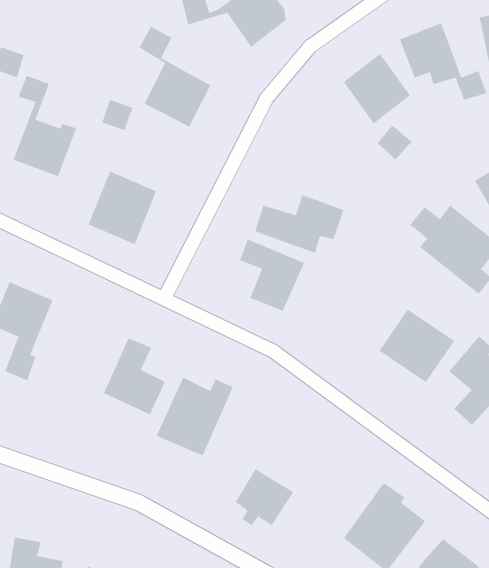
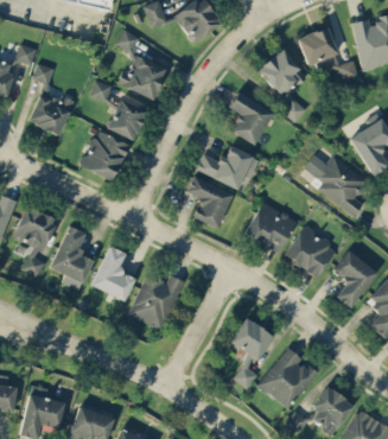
building: none -> [230,93,273,144]
building: none -> [108,100,146,139]
building: none -> [244,201,298,253]
building: none -> [50,225,94,290]
building: [235,468,294,526] -> [231,318,273,358]

